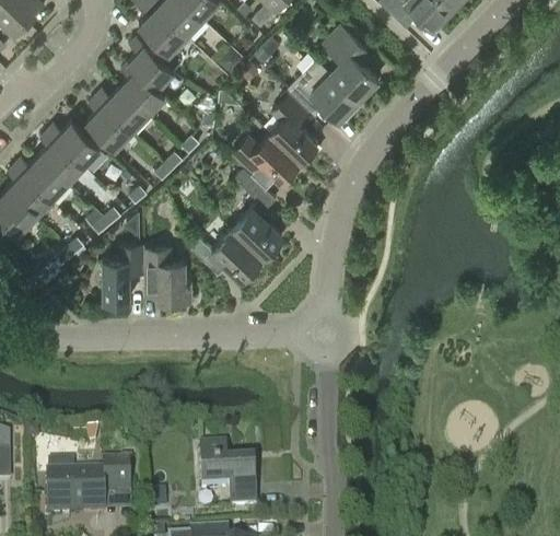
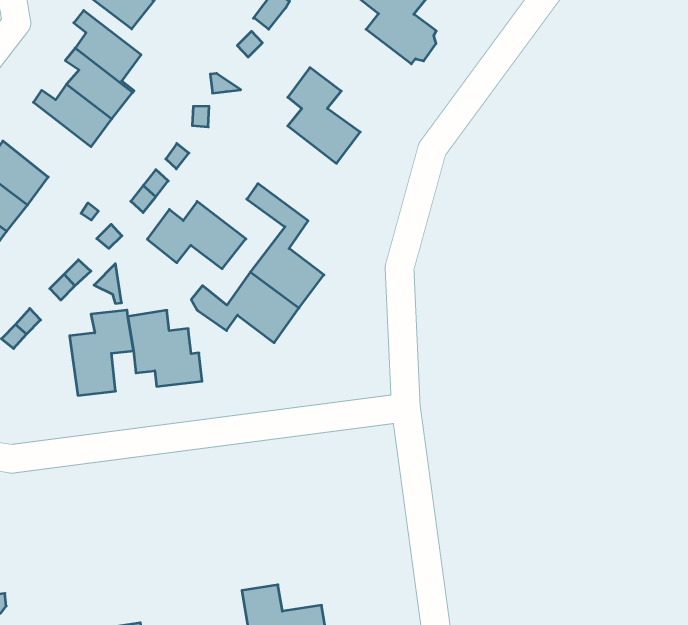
building: [288,60,359,121] -> none
building: [86,97,132,150] -> none
building: [232,133,300,182] -> [147,201,246,269]

